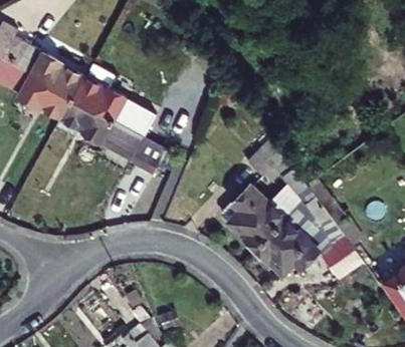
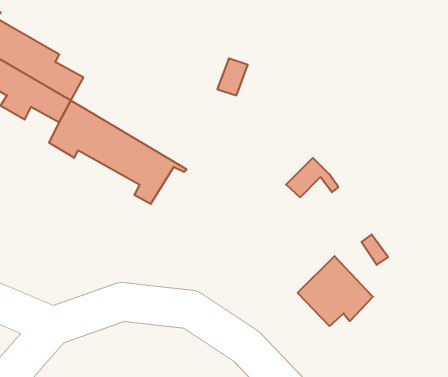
building: [76,76,163,137] -> none
building: [222,170,306,246] -> none
building: [318,238,358,278] -> none

